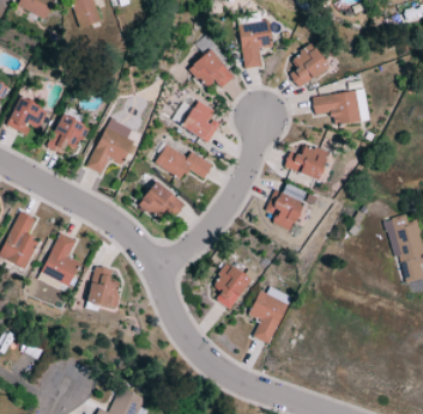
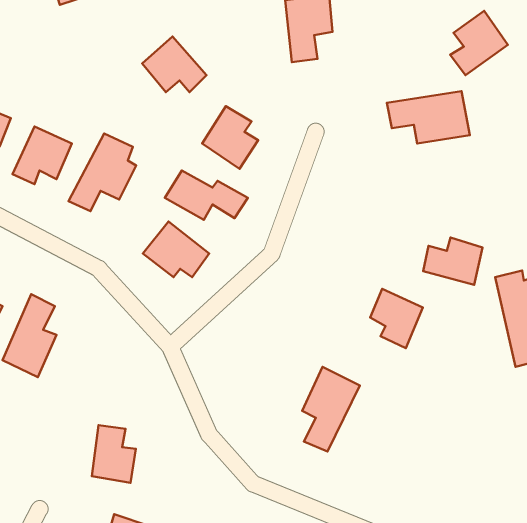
building: [289,43,330,89] -> [450,11,508,75]
building: [189,49,235,89] -> [142,36,207,92]
building: [285,145,327,178] -> [423,237,483,285]
building: [266,189,303,231] -> [370,289,423,348]
building: [213,263,252,310] -> none
building: [89,267,120,308] -> [92,425,136,483]

